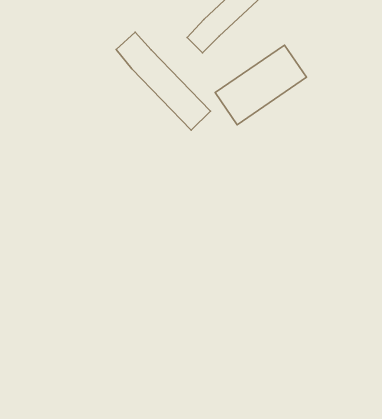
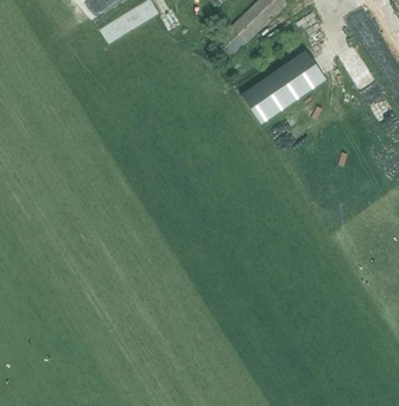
building: [116,32,211,130] -> none

